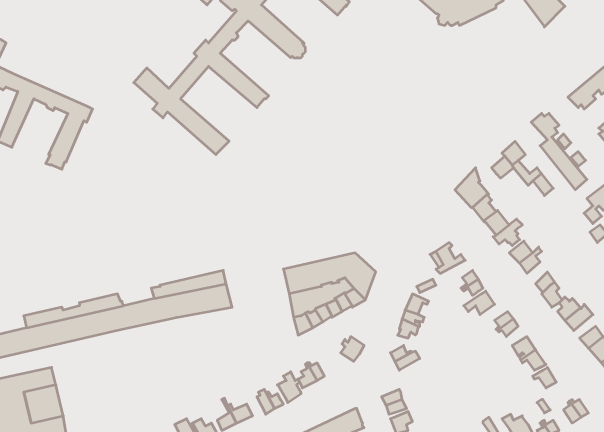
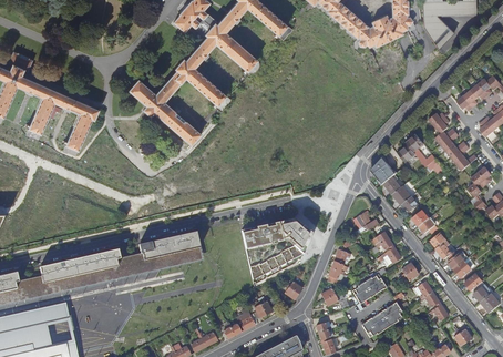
building: none -> [352,274,387,304]
building: none -> [363,303,404,338]

